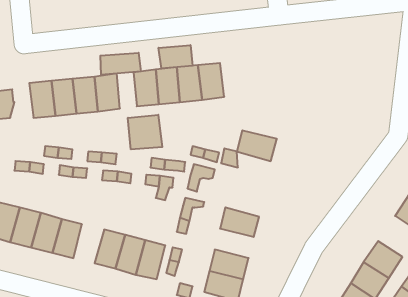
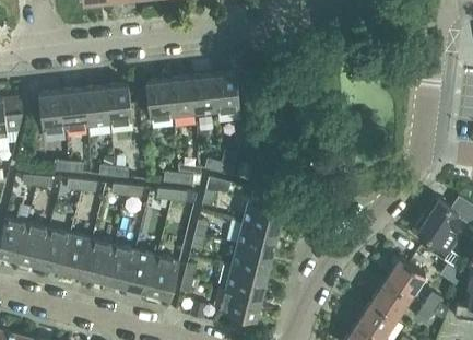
building: [159,45,192,69] -> none
building: [100,53,141,75] -> none
building: [128,115,162,149] -> none
building: [237,130,277,161] -> [241,202,283,234]
building: none -> [84,242,116,282]
building: none -> [230,246,271,277]

